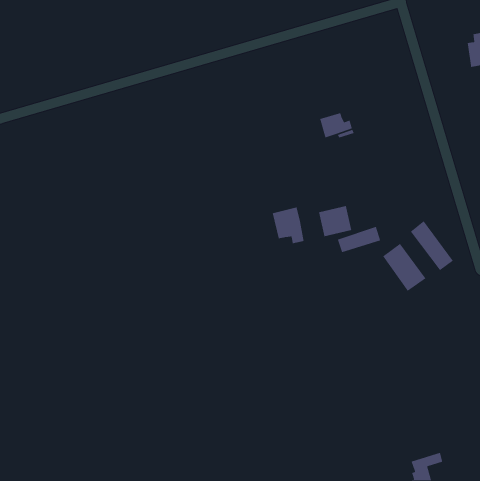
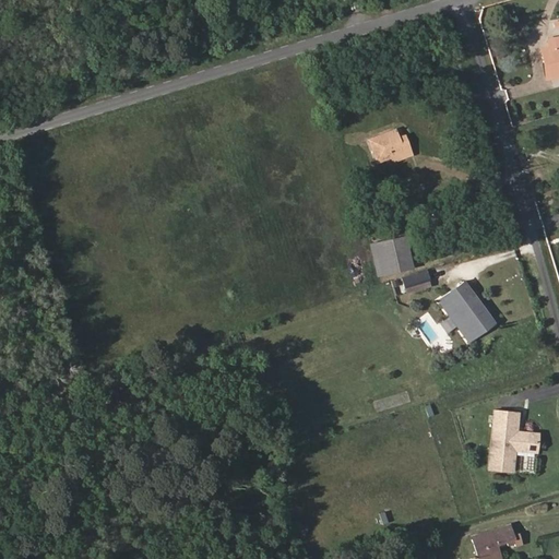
building: [272,207,304,244] -> none
building: [410,220,454,271] -> none
building: none -> [489,409,539,472]

